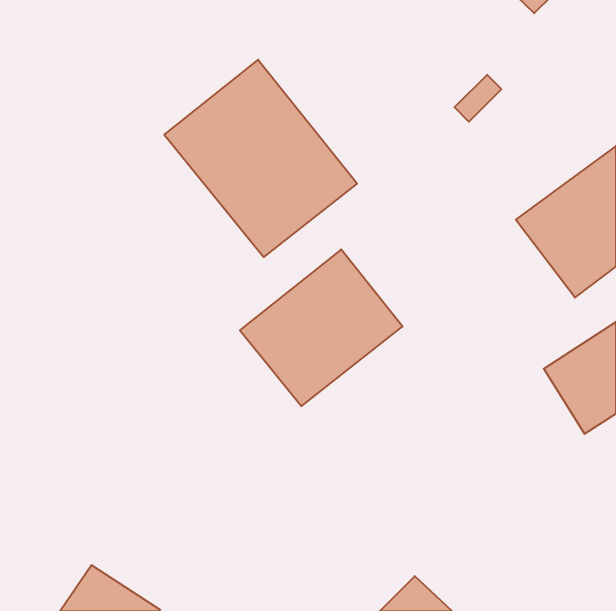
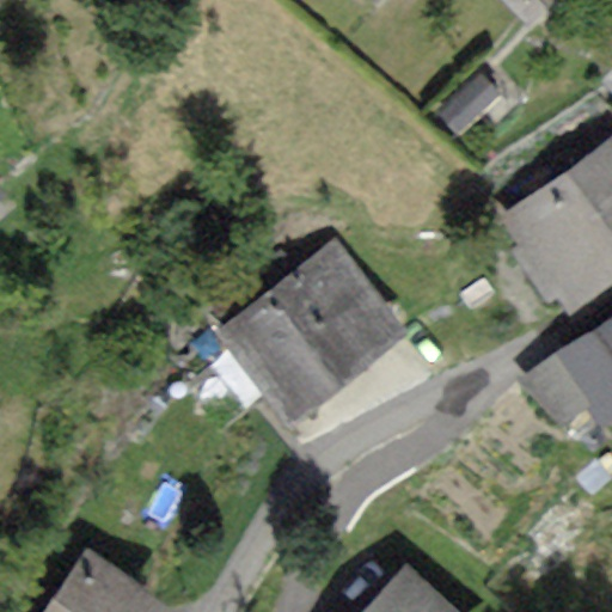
building: [164,60,357,257] -> none

